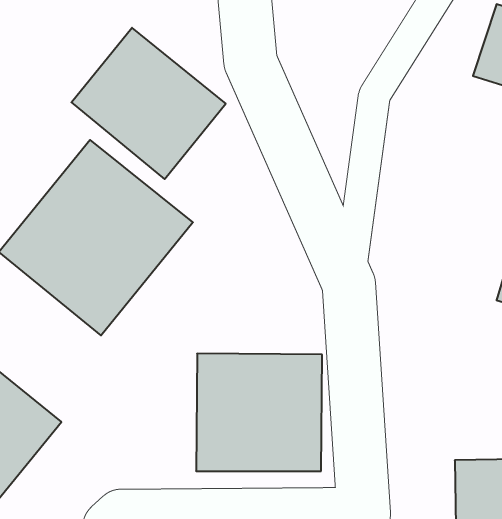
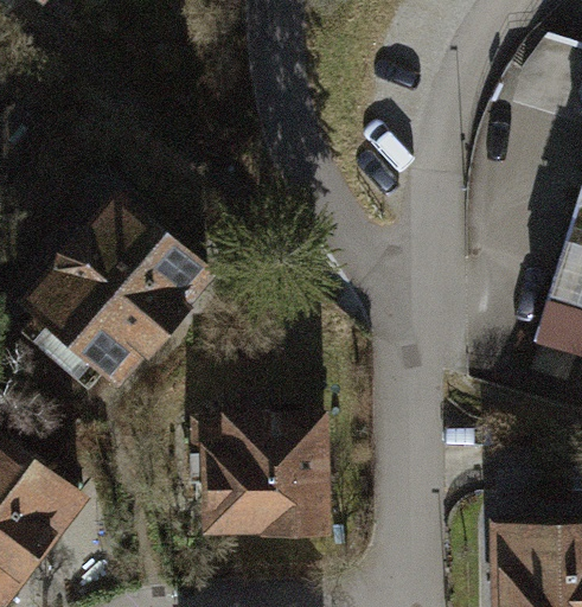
building: [71,28,226,179] -> none

